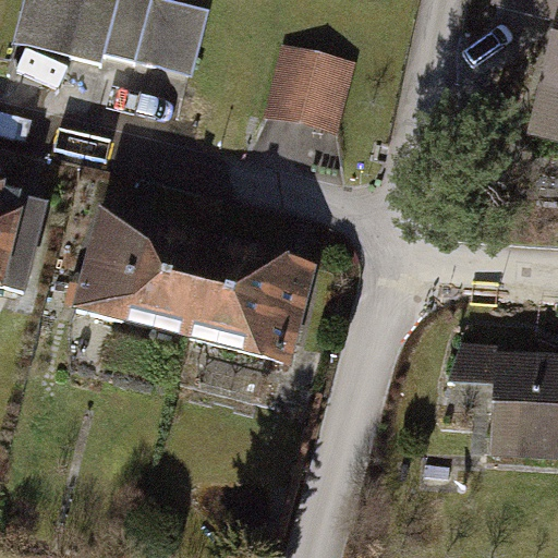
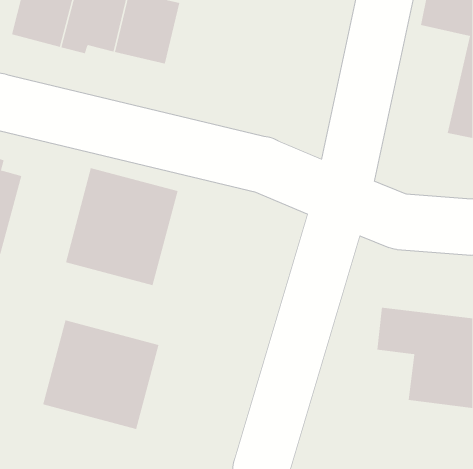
building: [266,38,355,132] -> none
building: [180,223,322,364] -> none
building: none -> [42,319,159,430]

